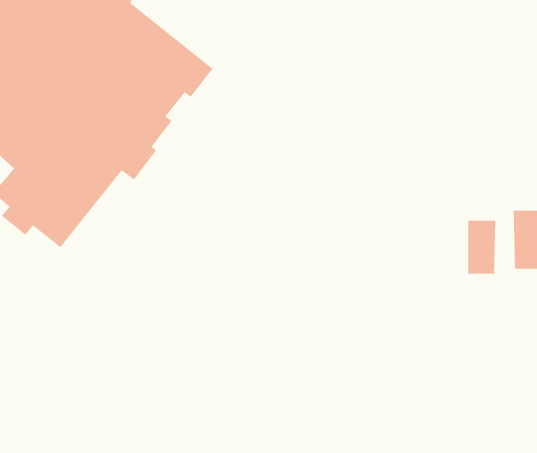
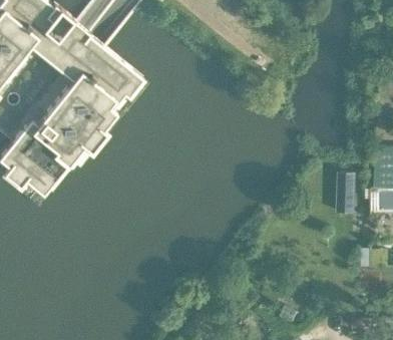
building: [468,220,496,275] -> none

